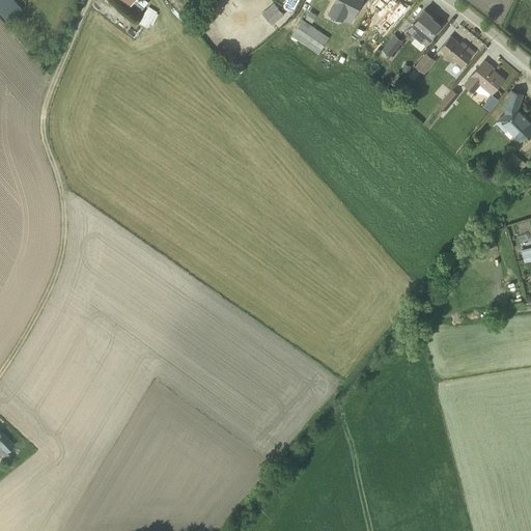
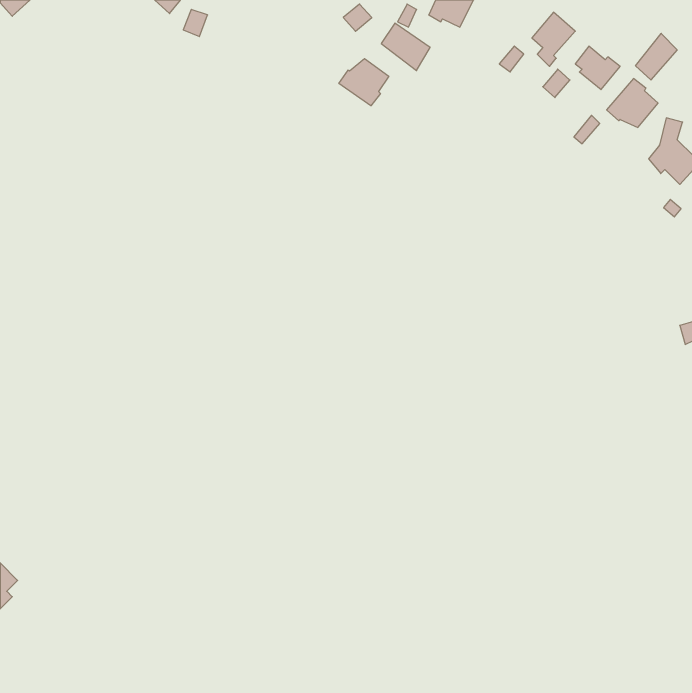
building: none -> [636,33,677,80]
building: none -> [339,59,389,106]

